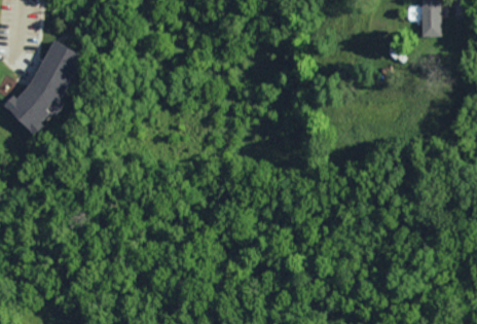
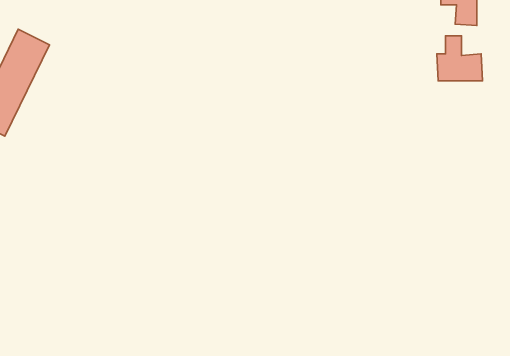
building: none -> [437,36,482,81]

